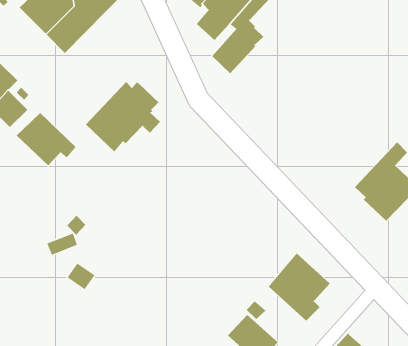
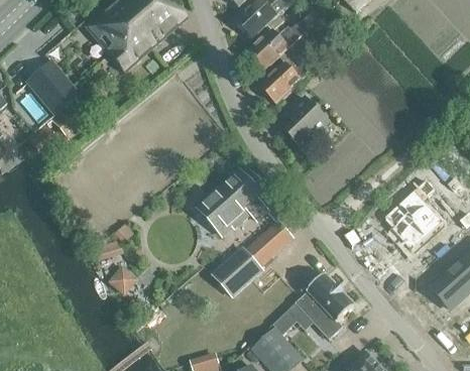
building: none -> [284,96,331,150]
building: [85,81,161,153] -> [197,169,268,235]
building: [16,112,76,166] -> none
building: none -> [212,221,291,295]

